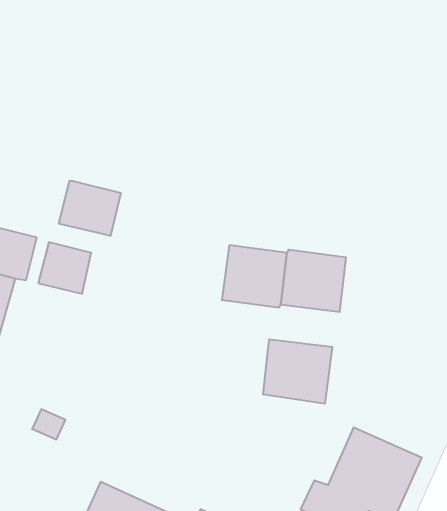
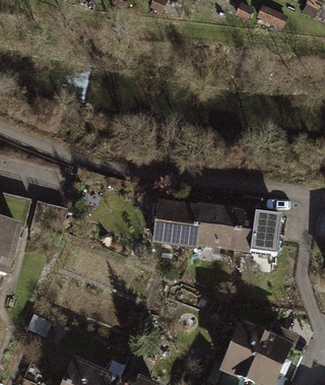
building: [59,181,121,236] -> none
building: [263,340,333,403] -> [234,210,280,253]

